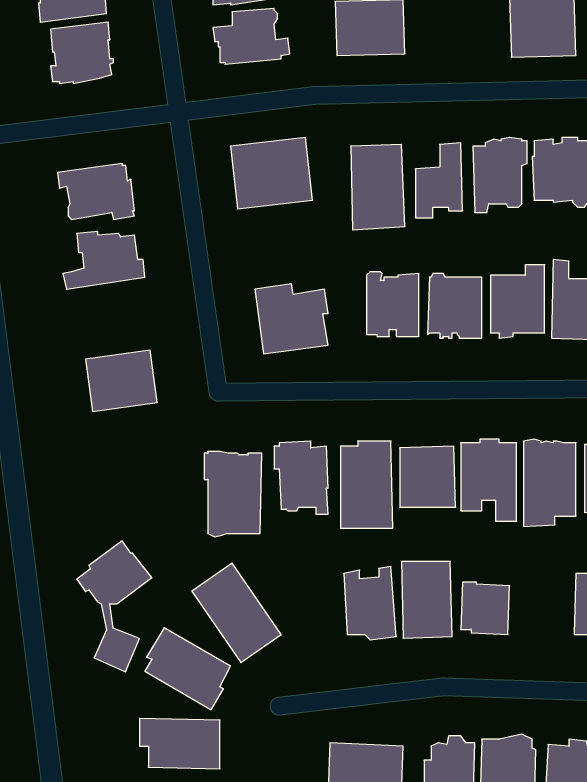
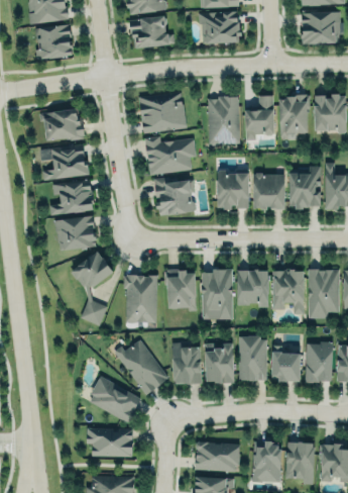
building: none -> [145,135,196,175]
building: none -> [49,180,94,214]
building: [77,541,152,672] -> [72,250,115,325]
building: none -> [306,340,332,381]
building: none -> [172,342,201,383]

